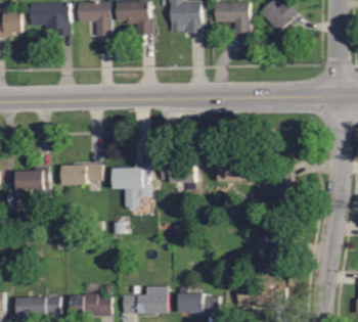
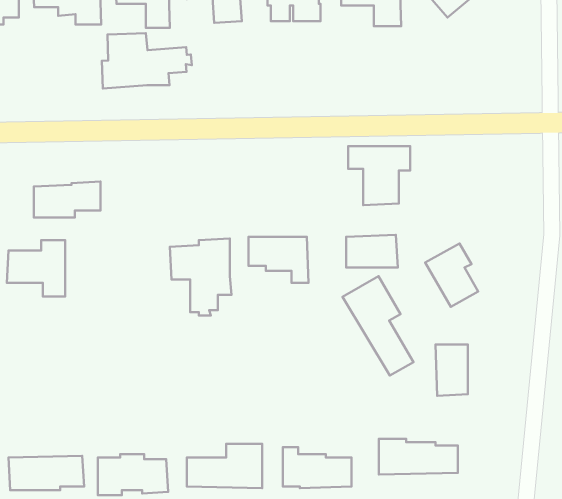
building: none -> [102,33,192,88]
building: none -> [348,146,410,205]
building: [61,163,101,184] -> [34,182,101,217]
building: none -> [343,276,413,376]

